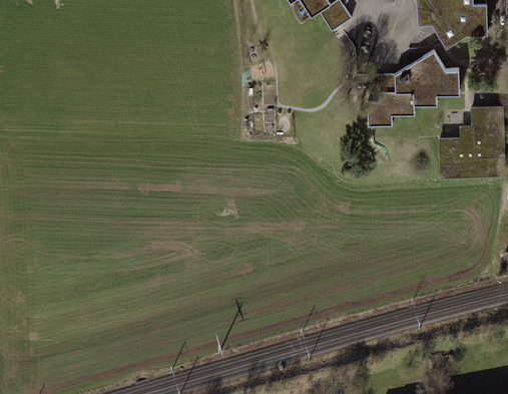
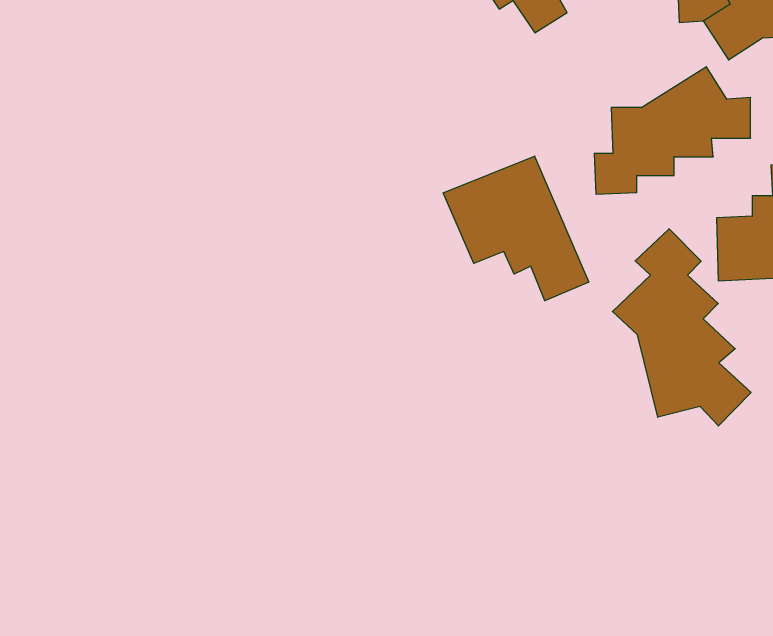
building: none -> [443,156,589,301]
building: none -> [612,229,751,426]

